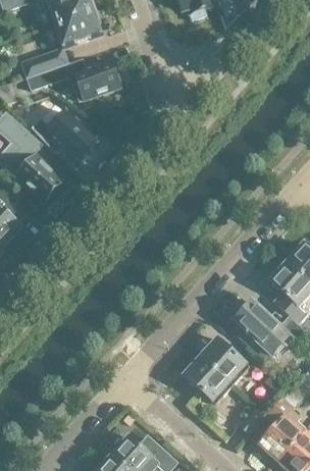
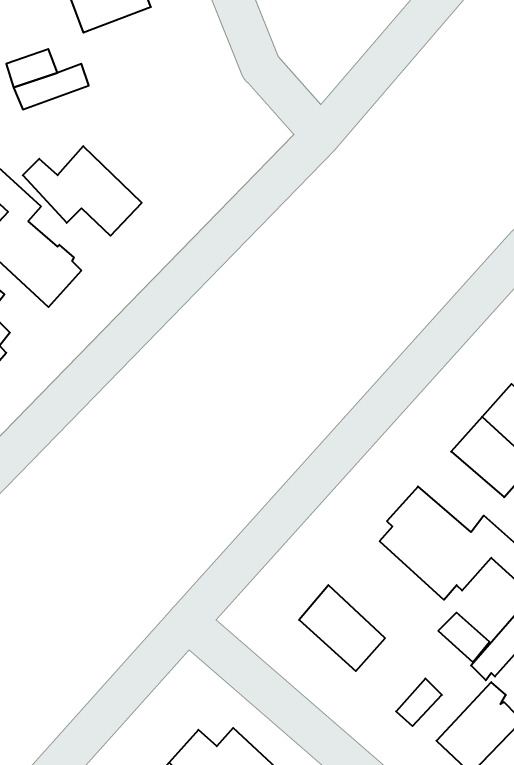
building: [69,59,119,97] -> none
building: [200,335,249,383] -> none

